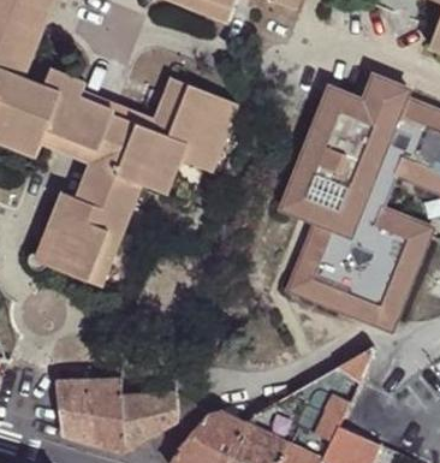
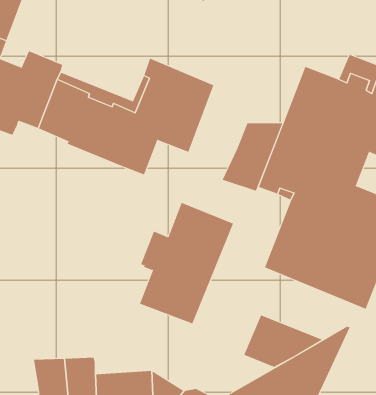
building: none -> [222,122,283,192]
building: [47,165,142,287] -> [139,202,234,324]
building: none -> [243,315,322,368]

